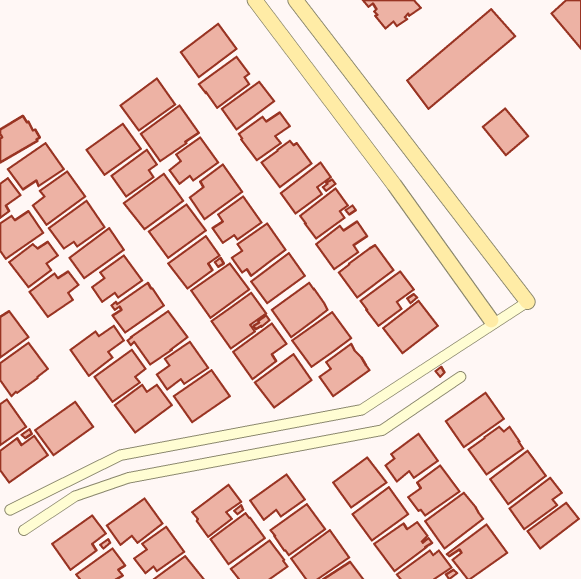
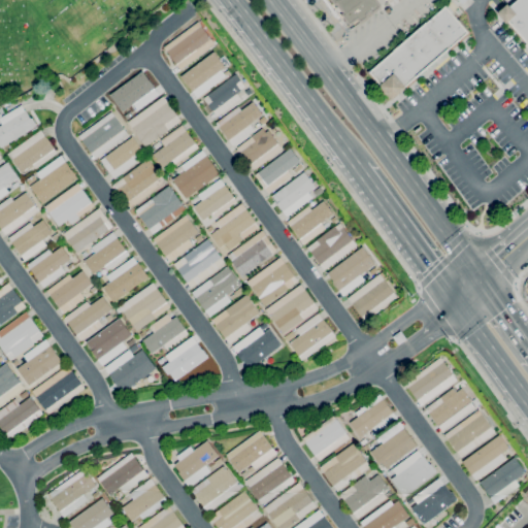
building: [483,109,528,155] -> none
building: none -> [46,271,92,315]
building: none -> [16,340,62,387]

